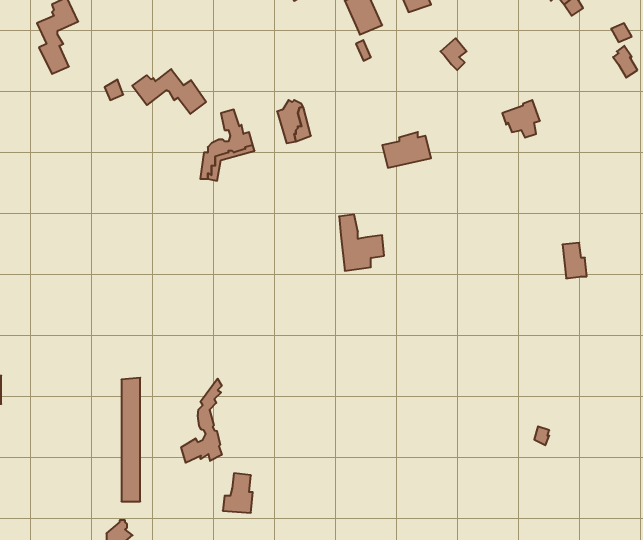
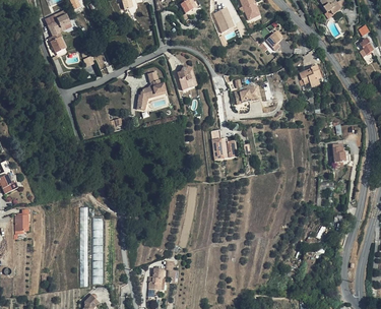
building: [132,69,206,114] -> none
building: [181,379,222,463] -> none

